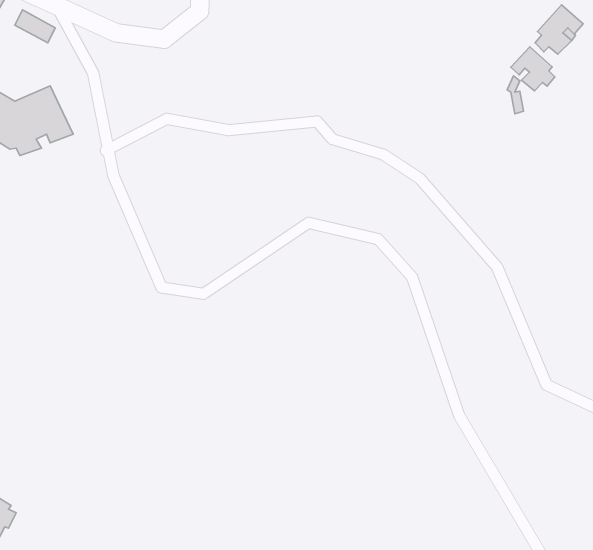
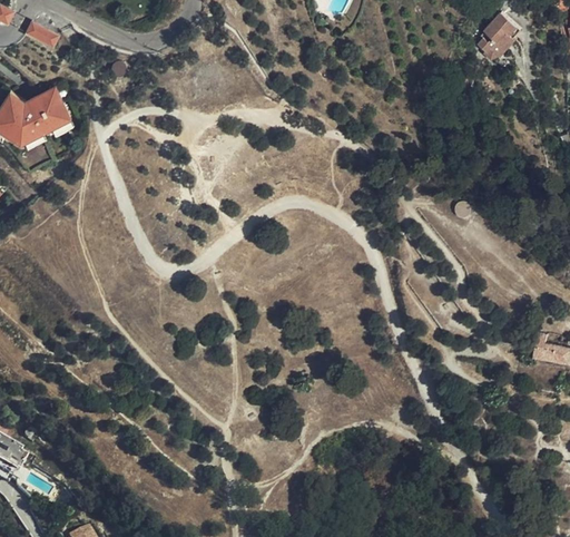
building: [511,47,555,91] -> none

